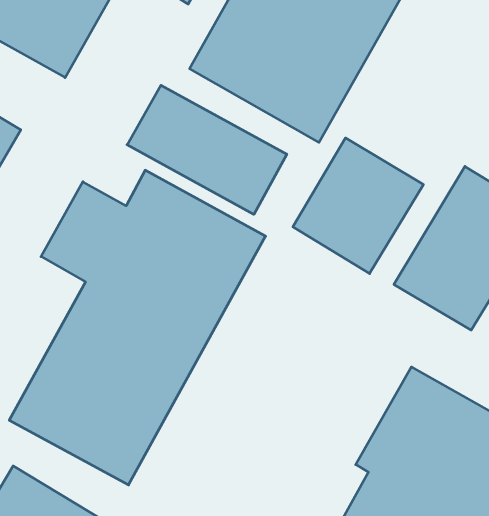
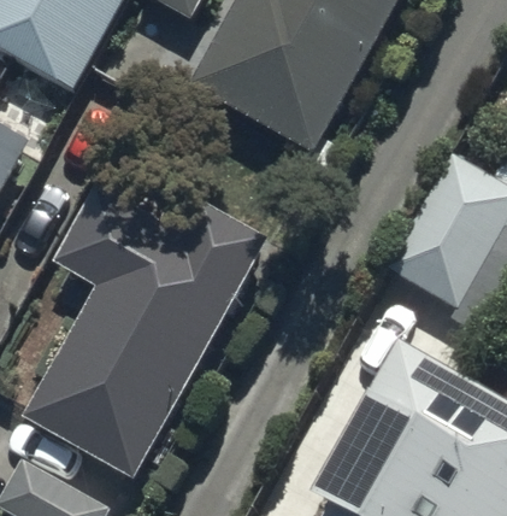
building: [127,85,287,214] -> none
building: [293,138,423,274] -> none

